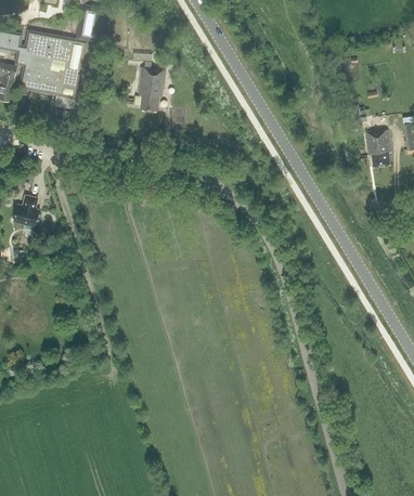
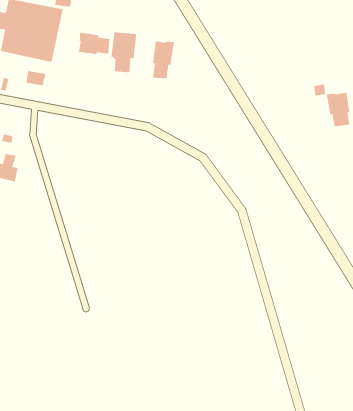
building: none -> [78,32,110,55]
building: none -> [153,41,174,79]

